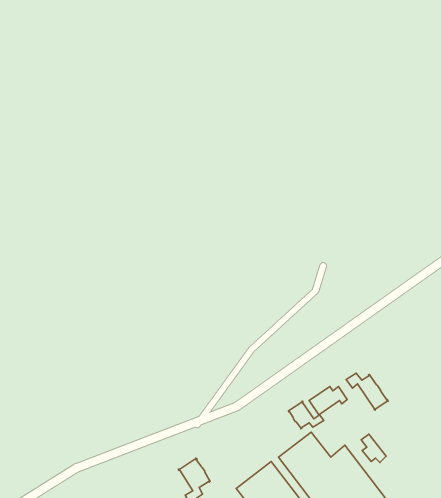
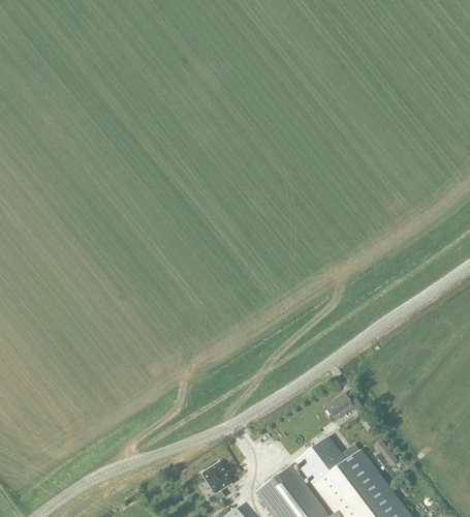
building: [346,373,388,410] -> none
building: [288,401,324,429] -> none

